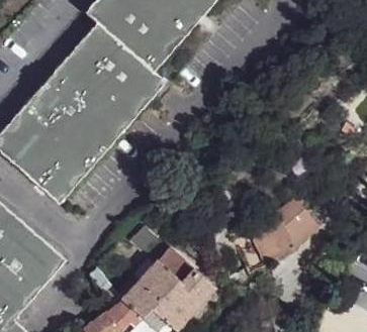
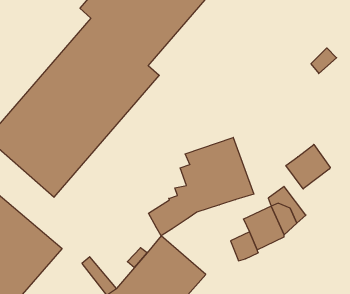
building: none -> [149,137,254,236]
building: none -> [286,144,330,189]

